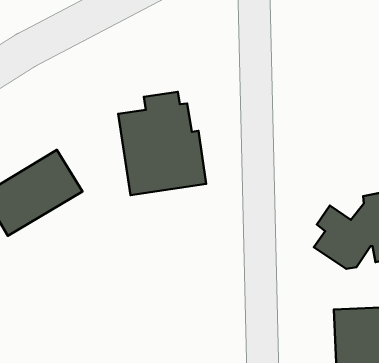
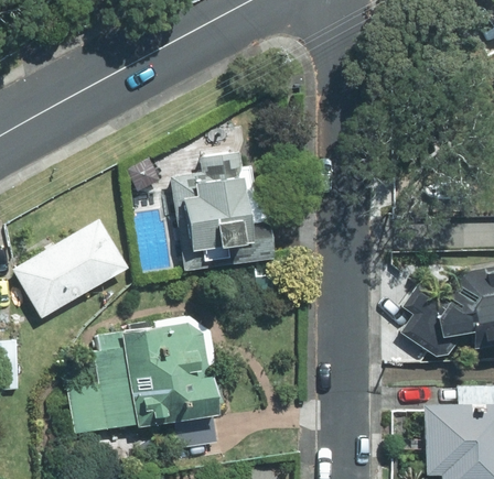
building: none -> [68,322,219,436]

